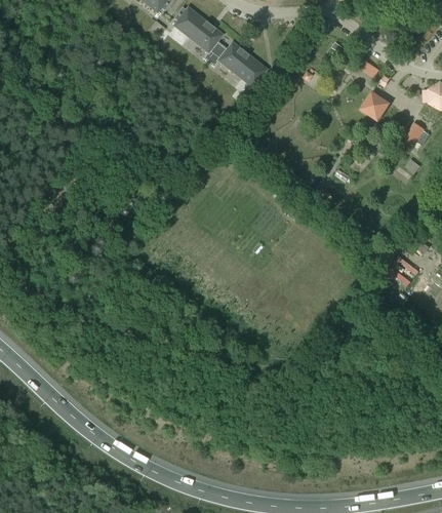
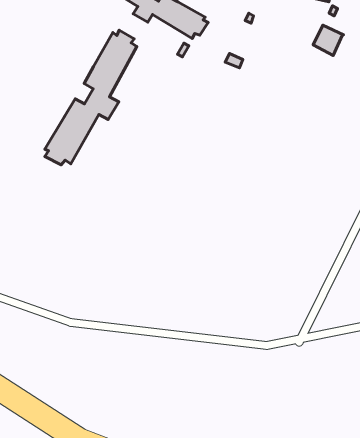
building: none -> [45,30,137,165]

